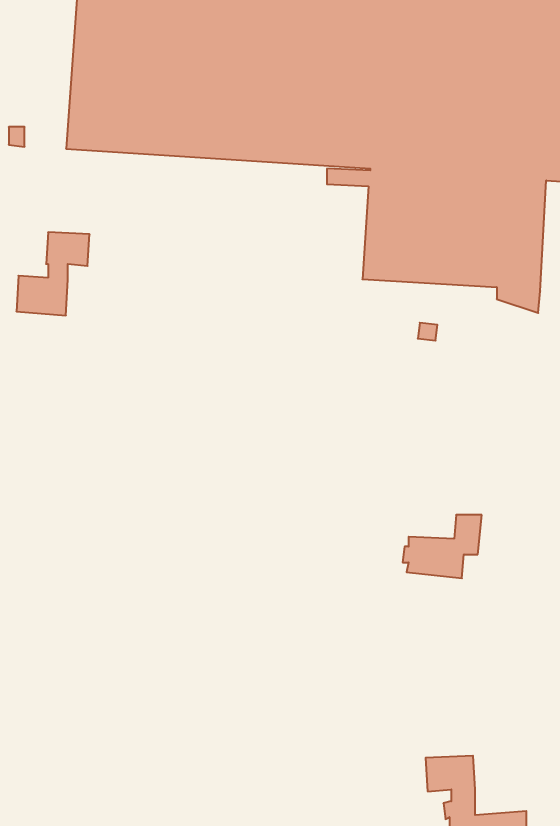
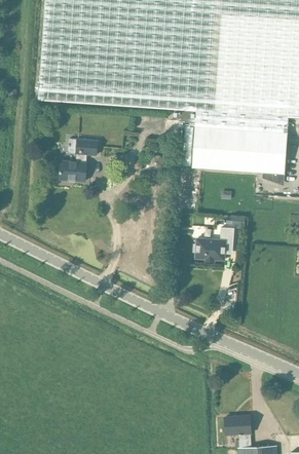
building: [16,232,90,315] -> [60,139,98,182]
building: [403,515,482,578] -> [193,228,234,261]

